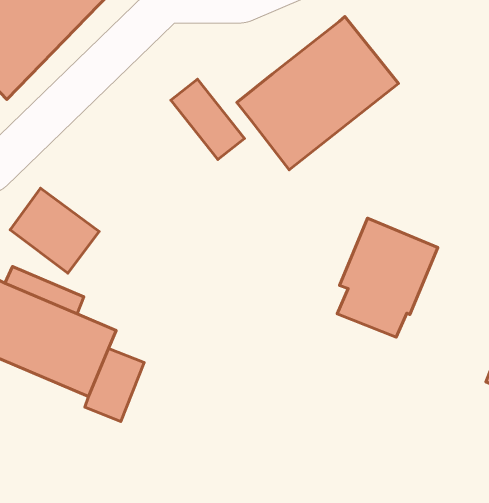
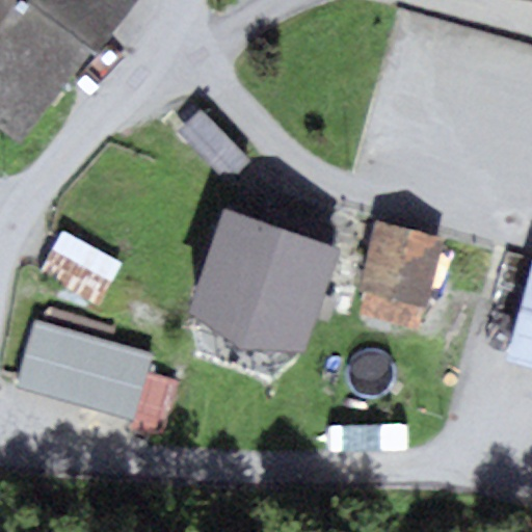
building: [237,17,399,170] -> none
building: none -> [187,209,339,351]

